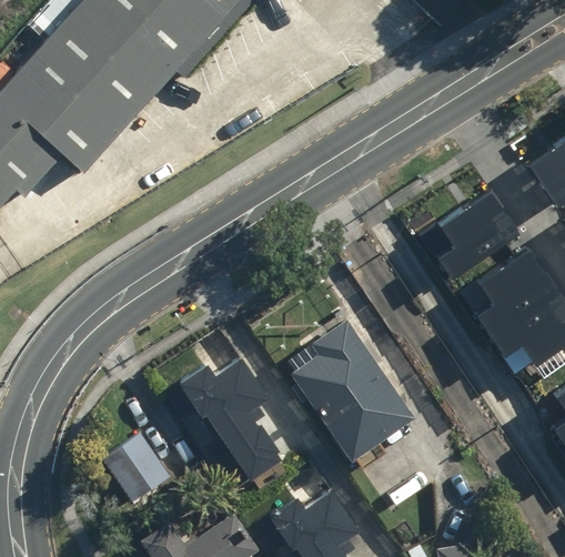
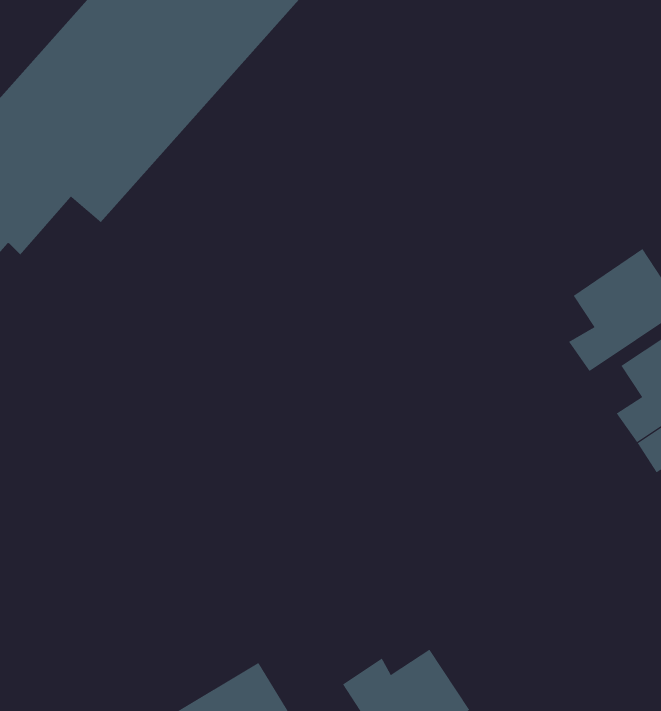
building: [283,323,412,459] -> none
building: [180,362,285,484] -> none
building: [99,429,174,512] -> none

